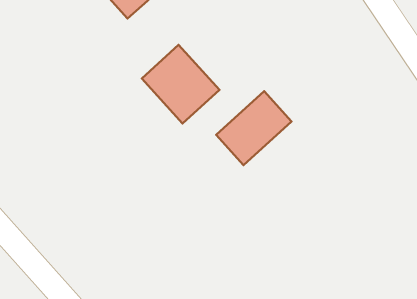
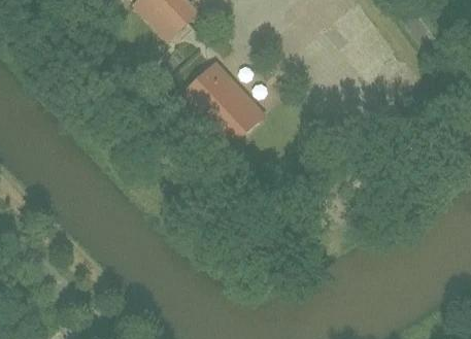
building: [216,91,292,165] -> none

